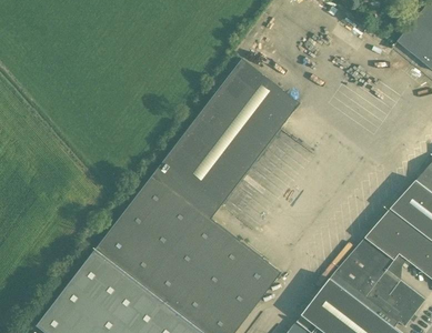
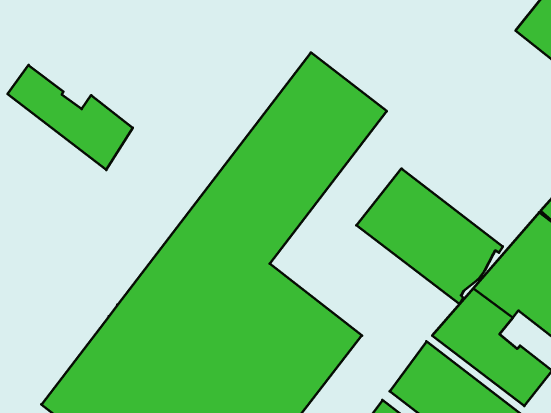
building: none -> [8,65,133,170]
building: none -> [356,169,503,304]

